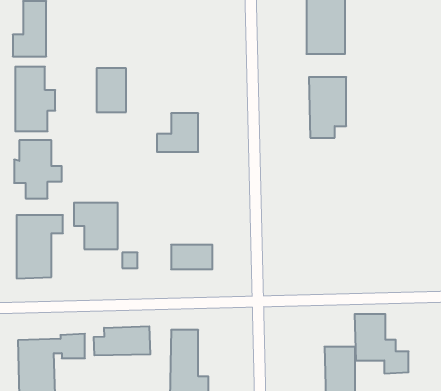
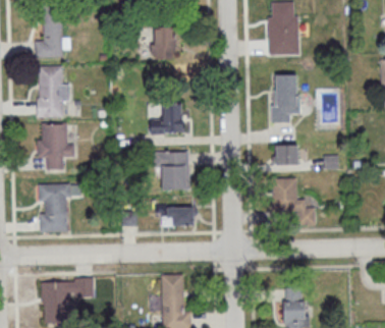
building: [97,68,126,112] -> [153,26,176,61]
building: none -> [274,146,299,165]
building: [74,203,118,249] -> [155,152,189,188]
building: [355,314,409,373] -> [273,178,316,225]
building: [94,326,150,355] -> none

